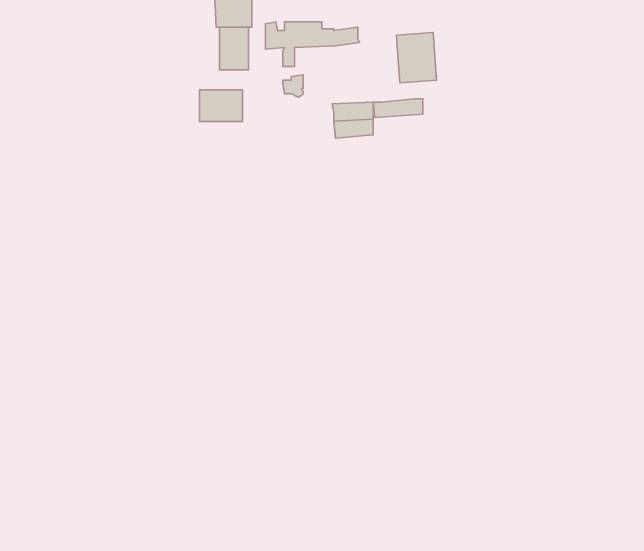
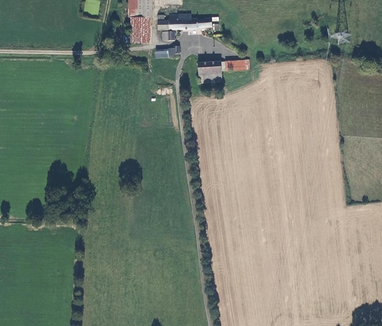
building: [396,33,437,83] -> none
building: [199,90,242,122] -> none

